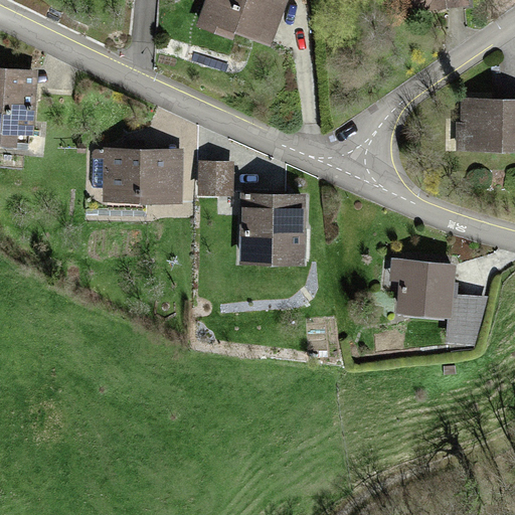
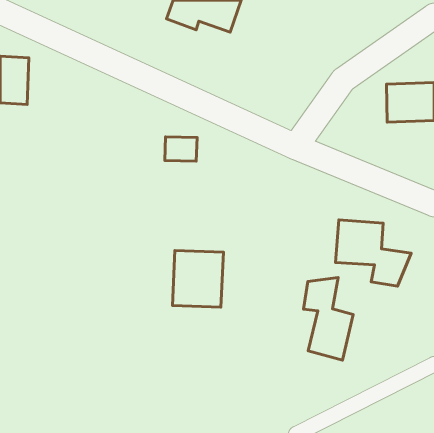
building: [102,150,180,195] -> none
building: [240,196,301,264] -> [172,250,223,307]
building: none -> [304,278,353,360]

